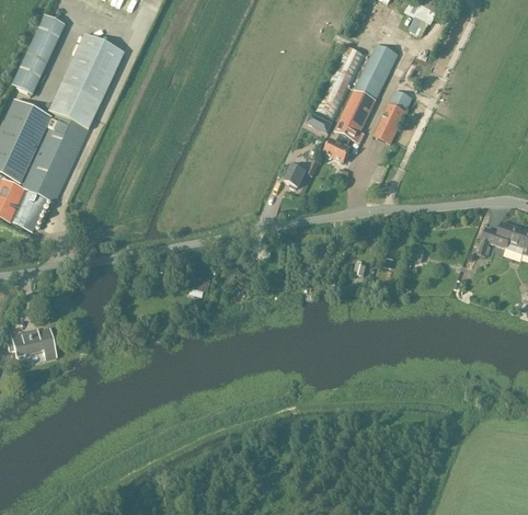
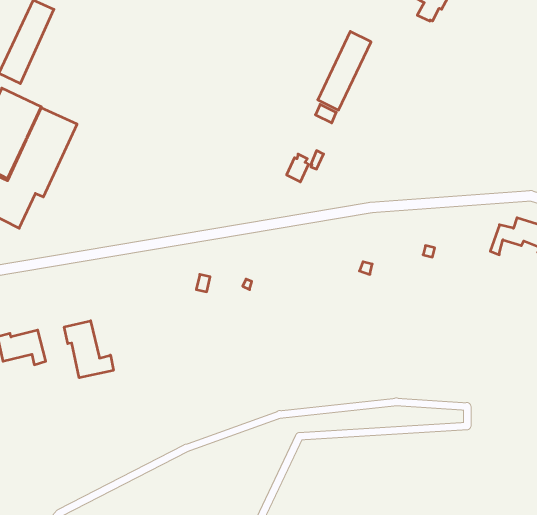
building: [47,33,123,129] -> none
building: [323,43,398,162] -> none
building: [372,89,412,144] -> none
building: none -> [64,321,113,378]

